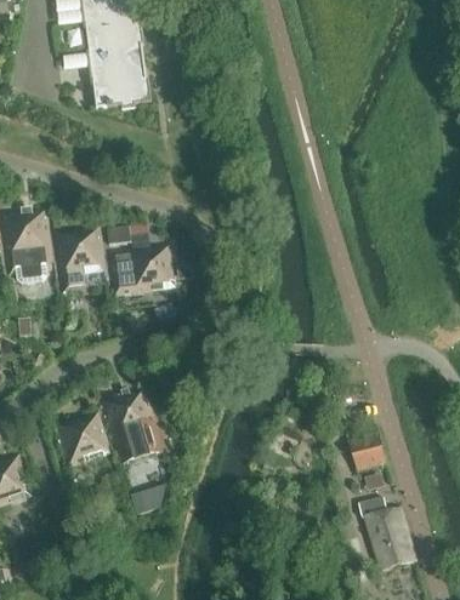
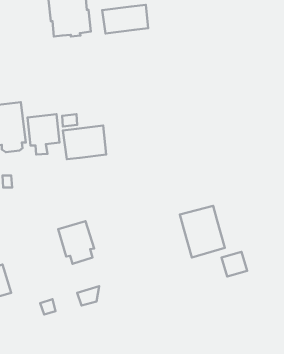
building: none -> [102,5,148,34]
building: none -> [180,206,225,257]
building: [56,411,110,464] -> none
building: [358,496,415,570] -> none

